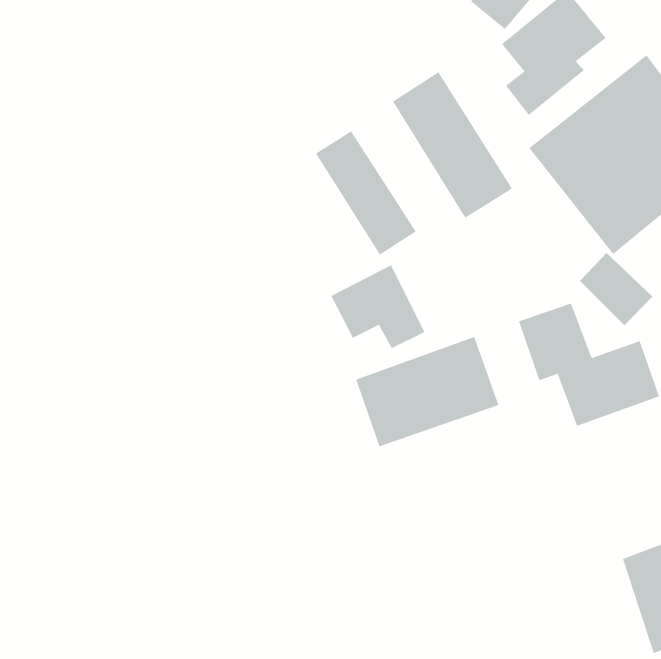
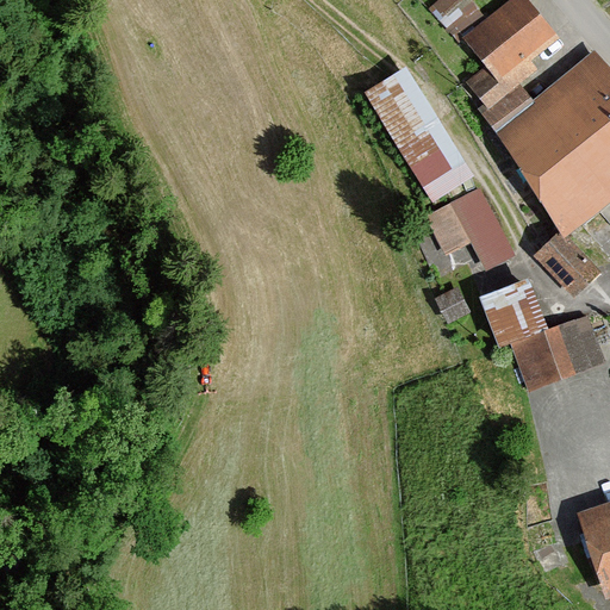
building: [315,130,416,255] -> none
building: [330,264,425,349] -> [427,186,513,263]
building: [356,336,499,447] -> none

